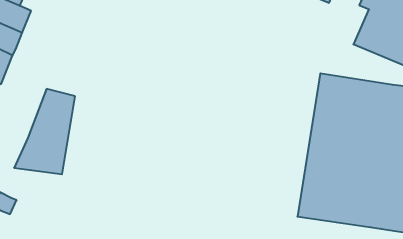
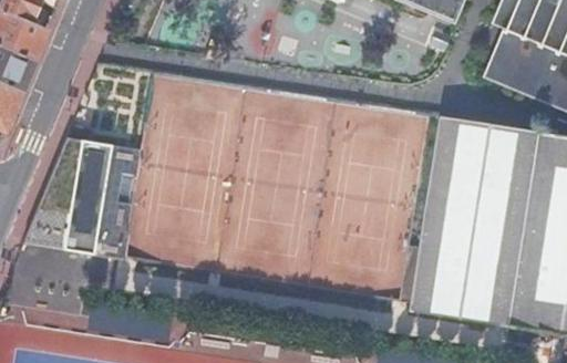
building: none -> [90,146,135,258]

